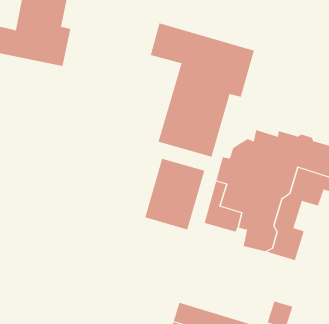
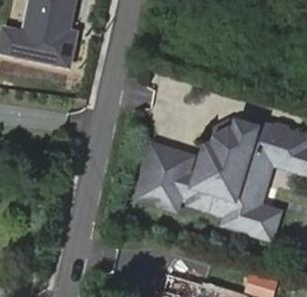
building: [150,23,255,158] -> none

